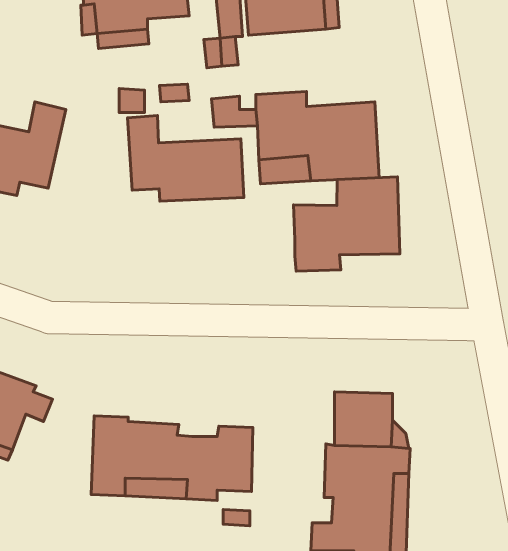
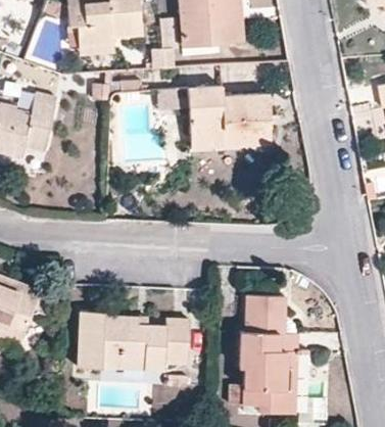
building: [127,116,244,201] -> none
building: [293,177,400,271] -> none

